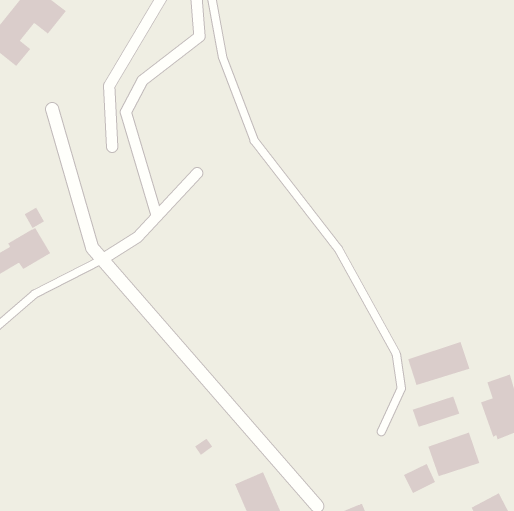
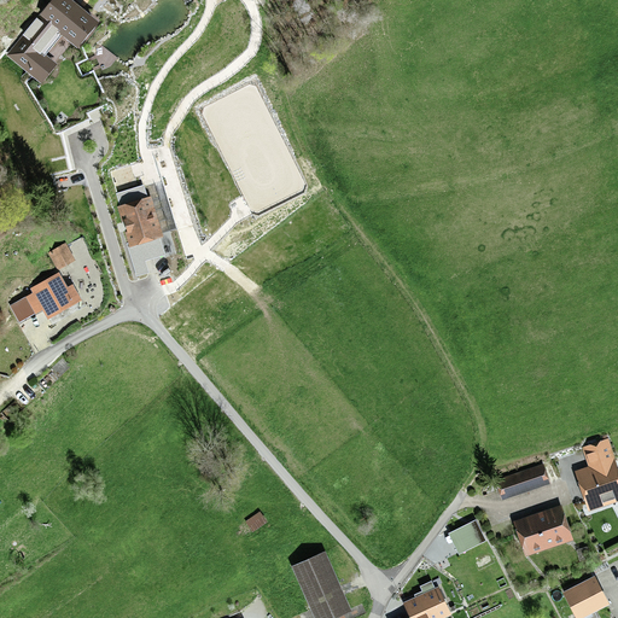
building: none -> [118,197,157,245]
building: [408,341,470,386] -> none
building: [403,463,436,494] -> [448,519,485,554]

